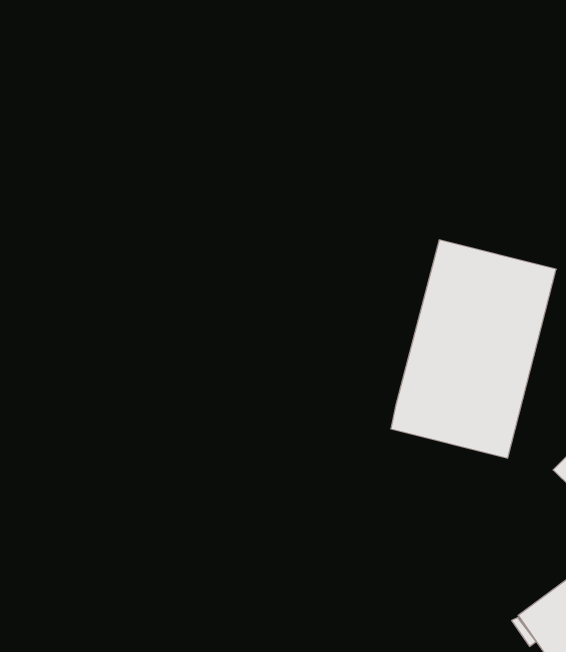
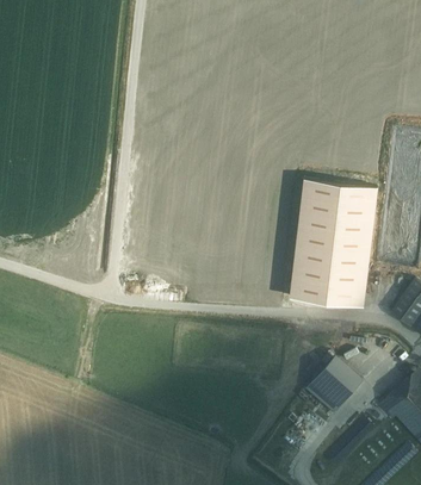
building: none -> [307,354,365,414]

